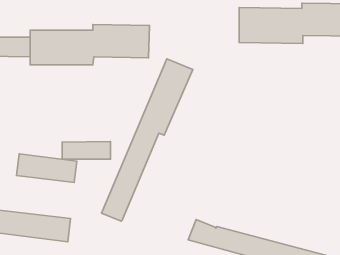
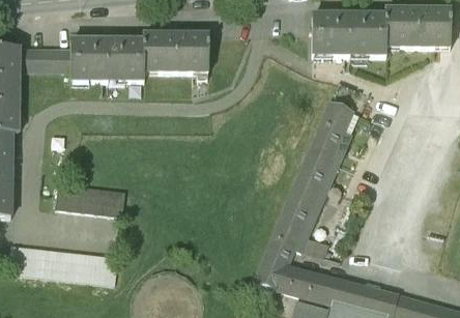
building: [101,59,193,221] -> [262,80,368,267]
building: [62,141,111,159] -> none

